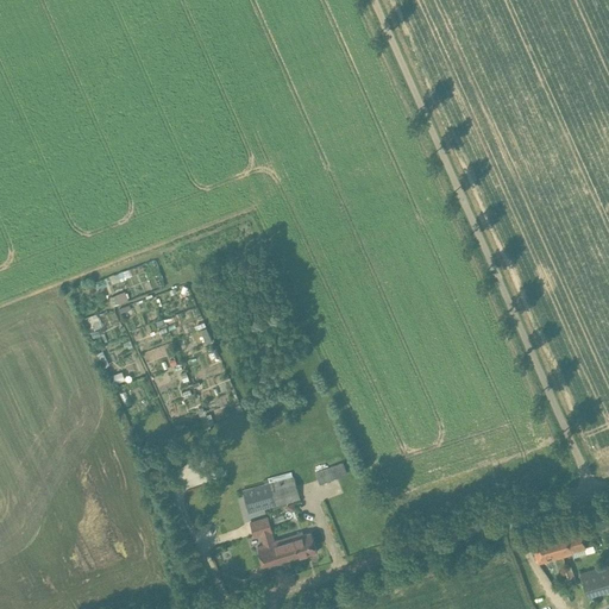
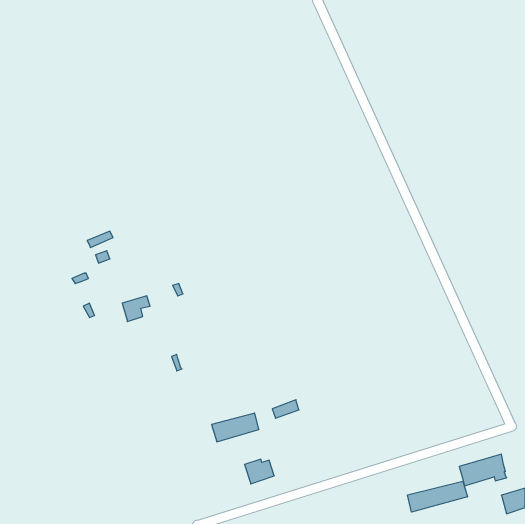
building: [249,517,290,569] -> none
building: none -> [408,481,467,512]

